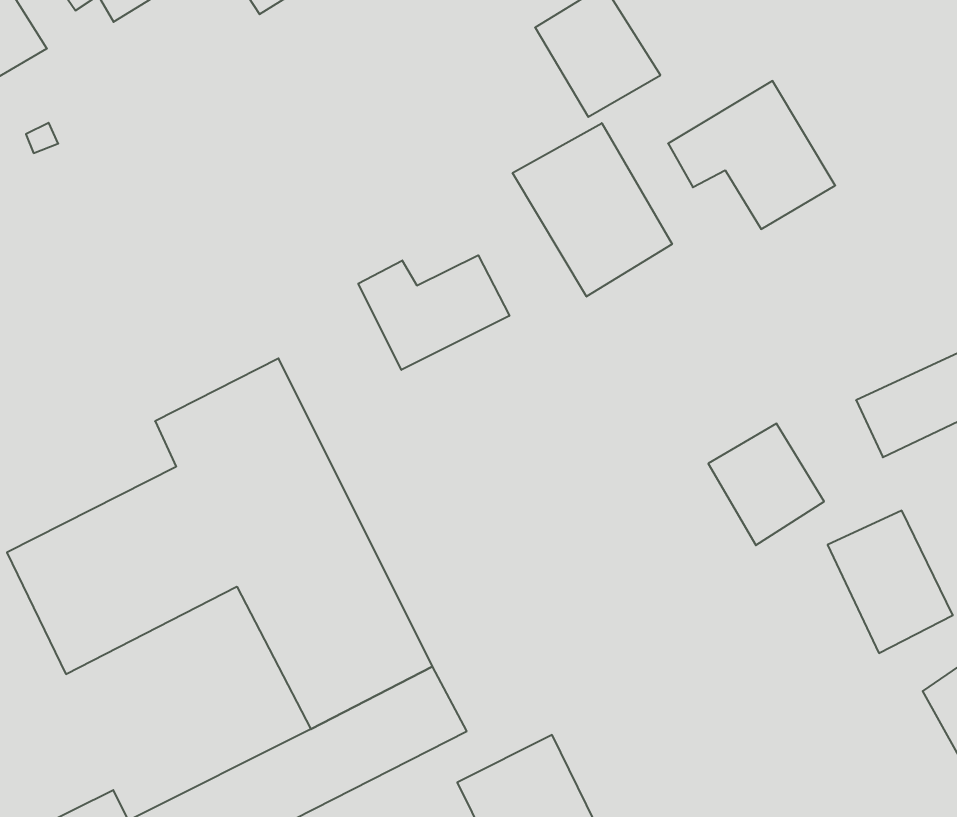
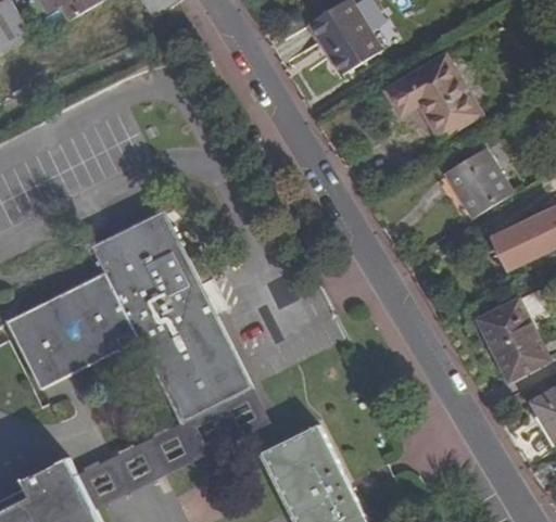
building: [513,123,672,297] -> none
building: [358,255,509,370] -> none
building: [708,424,824,545] -> [444,148,510,217]

